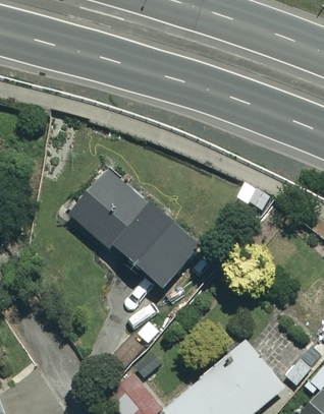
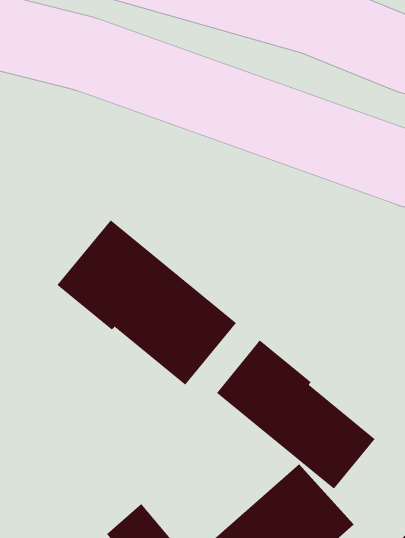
building: none -> [216,340,376,490]

